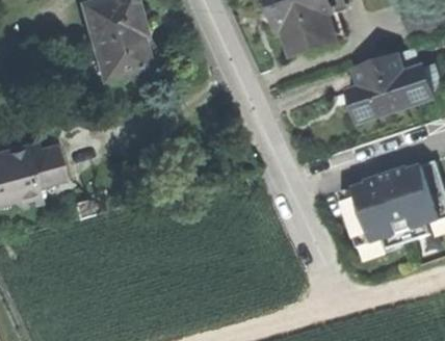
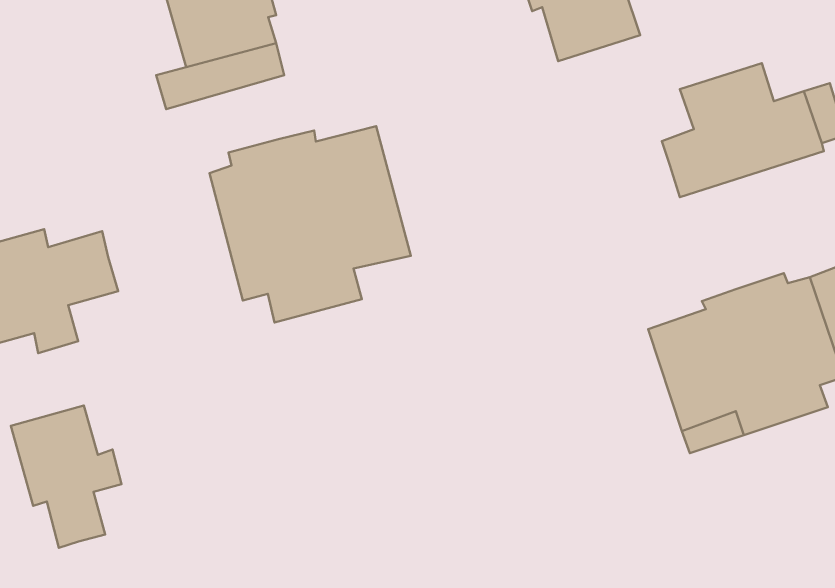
building: none -> [210,126,411,322]
building: none -> [11,406,121,548]

